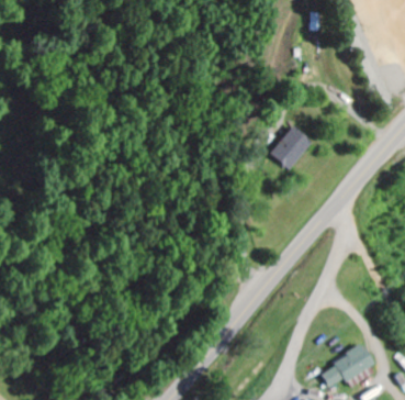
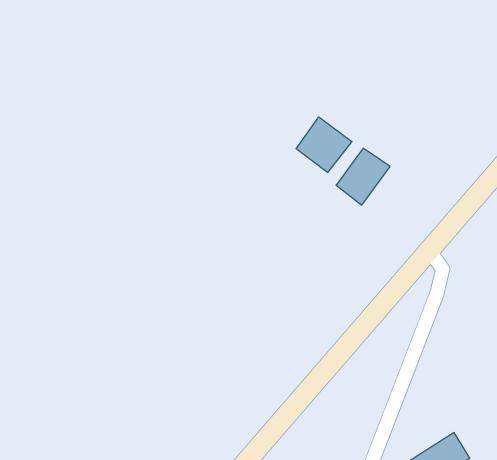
building: none -> [296,117,352,173]

